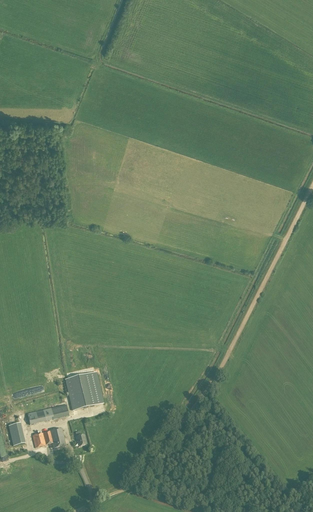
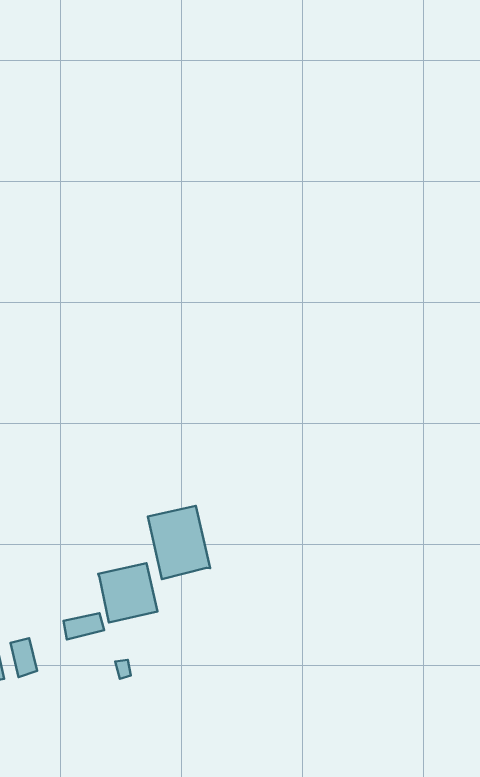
building: none -> [148,506,210,579]
building: [32,427,65,447] -> none

